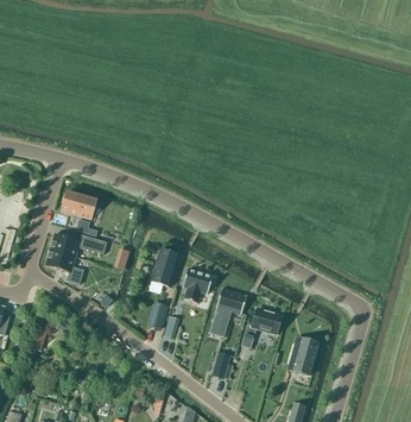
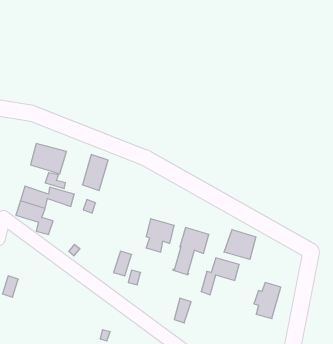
building: [150,250,177,288] -> [82,154,108,190]
building: none -> [224,229,256,259]

